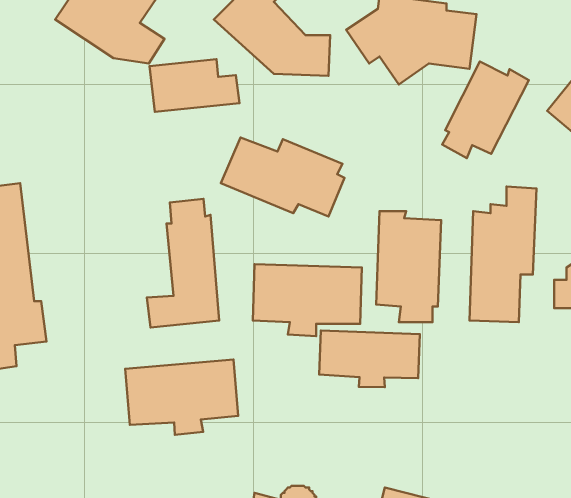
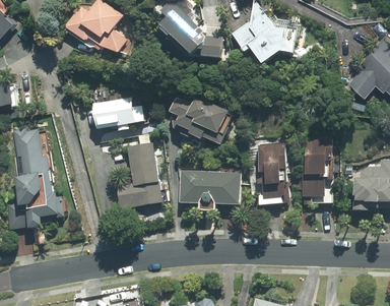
building: [149,59,239,112] -> [92,98,144,128]
building: [442,62,529,158] -> none
building: [319,331,420,387] -> none
building: [125,360,238,435] -> none

